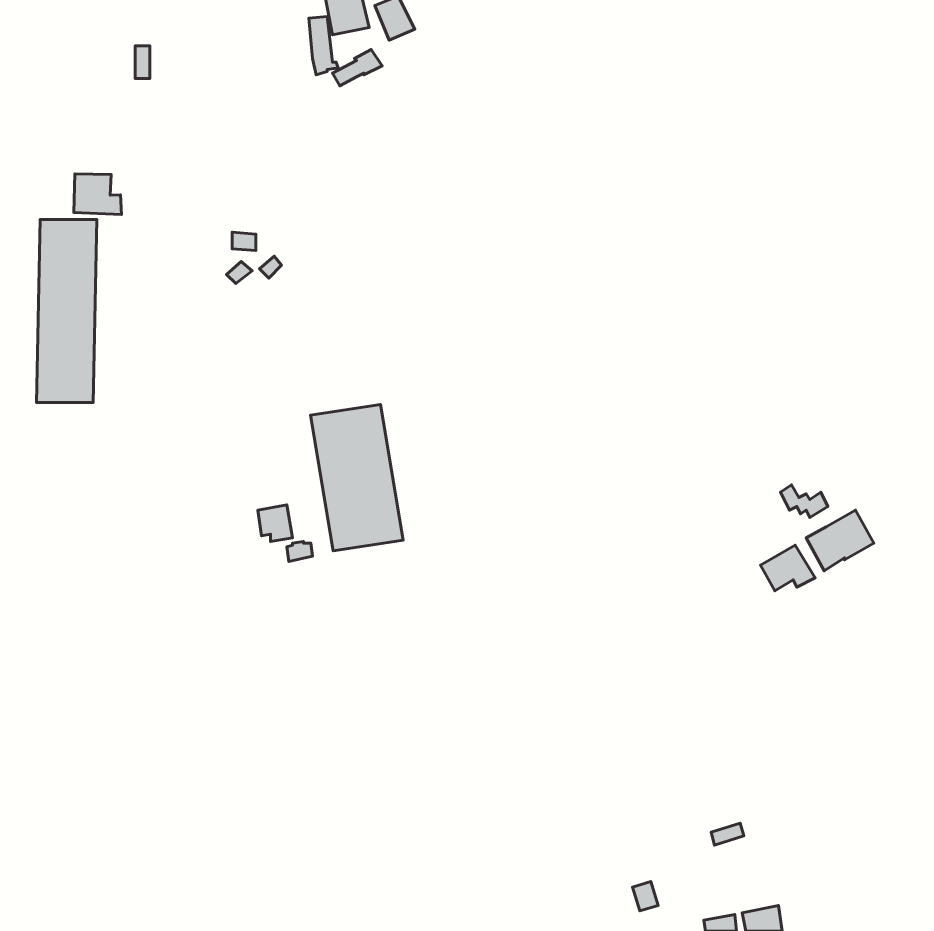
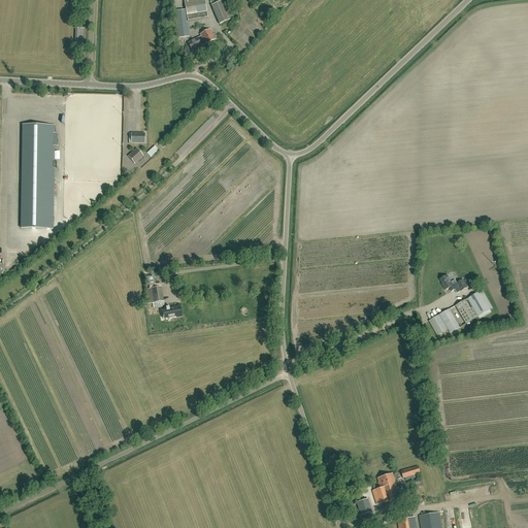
building: [74,174,122,214] -> none
building: [311,405,403,551] -> none
building: none -> [372,471,400,502]

